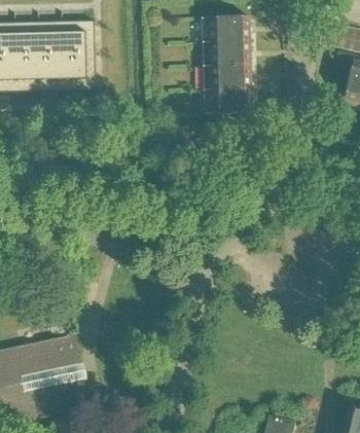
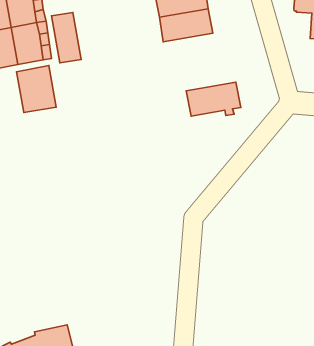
building: none -> [52,12,81,63]
building: [204,87,253,117] -> [186,82,241,116]
building: none -> [17,66,56,113]

